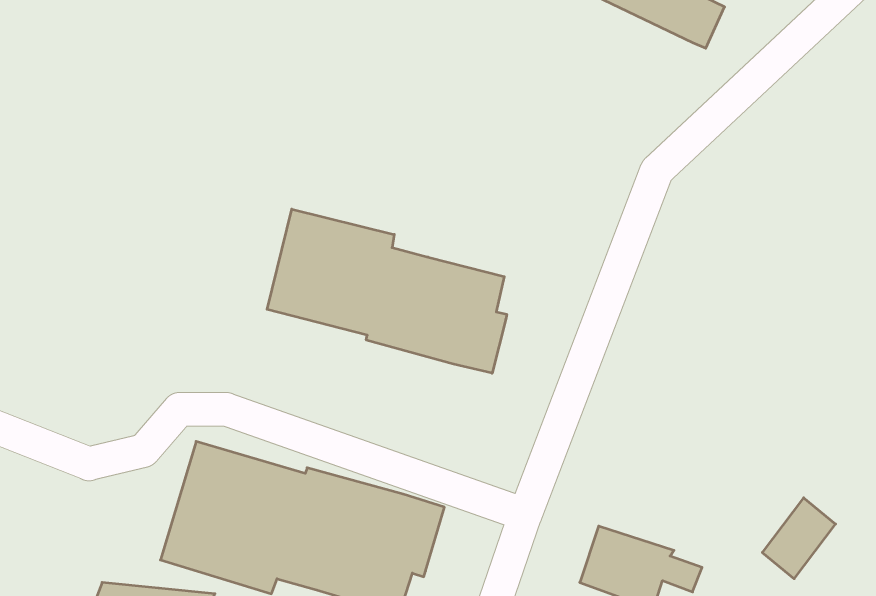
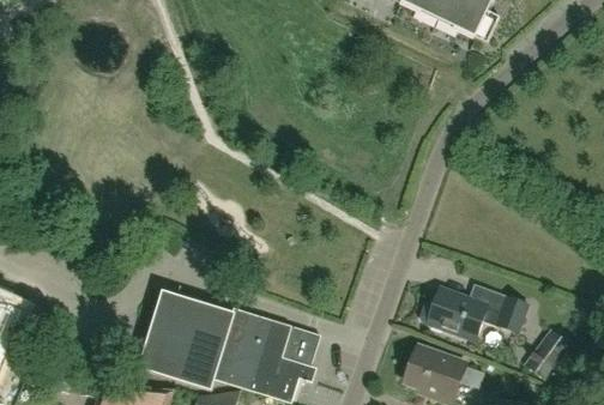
building: [267,209,507,373] -> none
building: none -> [419,284,527,339]

